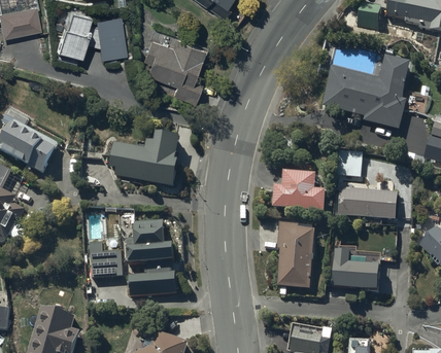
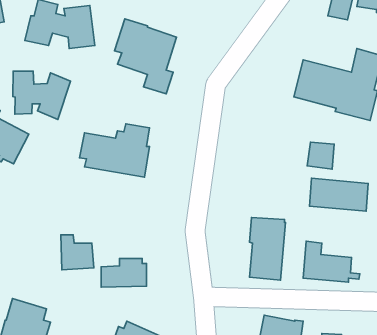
building: none -> [13,71,71,119]
building: [272,171,324,210] -> none
building: [126,208,172,261] -> none

